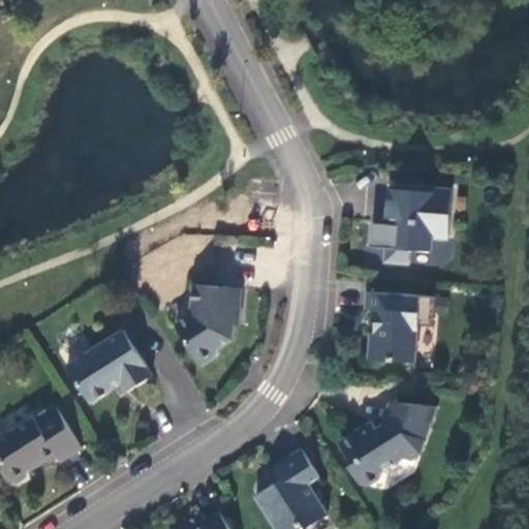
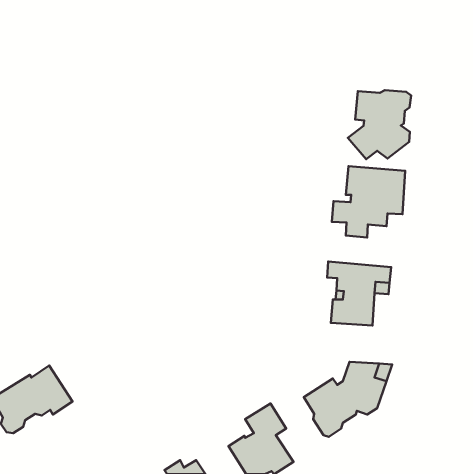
building: none -> [348,90,411,159]
building: [174,284,241,366] -> none
building: [65,330,151,403] -> none

